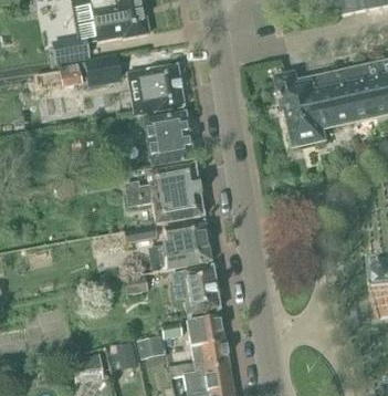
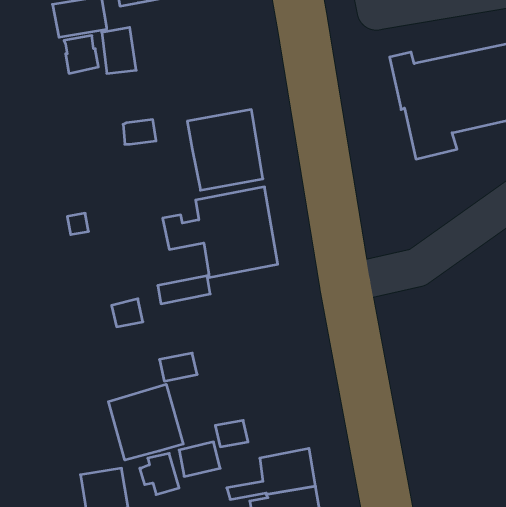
building: [132,63,185,113] -> none
building: [161,219,211,268] -> none
building: [172,264,220,313] -> none
building: none -> [108,384,183,460]
building: [187,314,224,345] -> none

